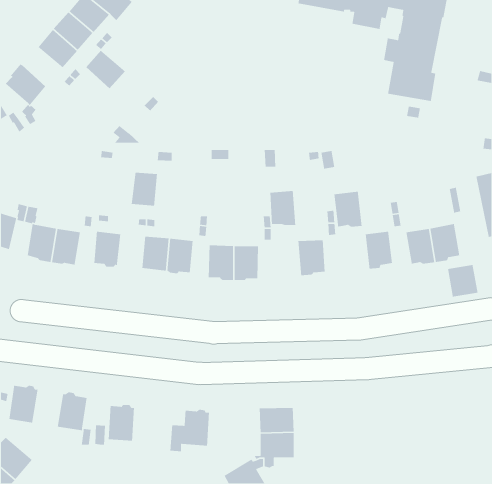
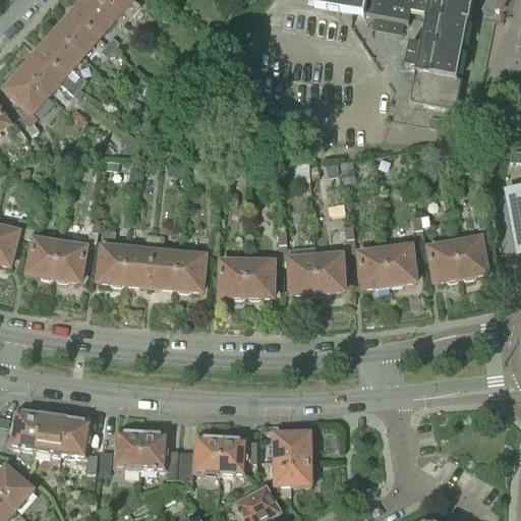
building: [86,50,126,89] -> [23,50,66,92]
building: [131,172,158,206] -> [124,247,153,284]
building: [269,190,296,226] -> [289,254,317,292]
building: [334,191,362,227] -> [359,247,390,286]
building: [447,264,478,297] -> none
building: none -> [35,410,66,452]
building: none -> [140,428,181,477]
building: none -> [220,433,248,473]

